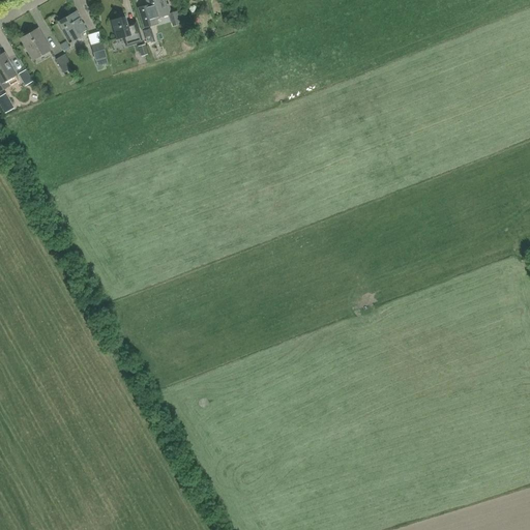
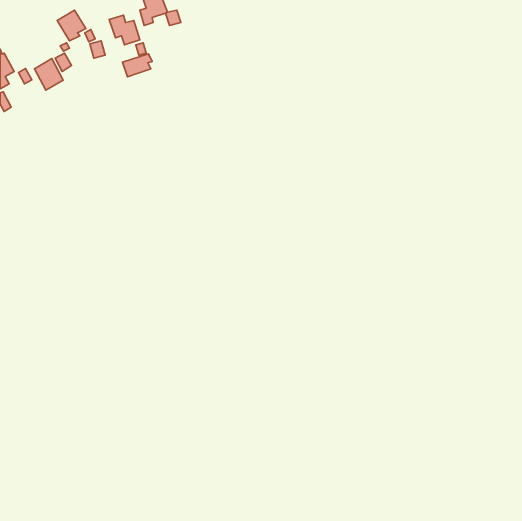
building: [21,27,50,59] -> [35,59,63,90]
building: none -> [122,54,152,77]

